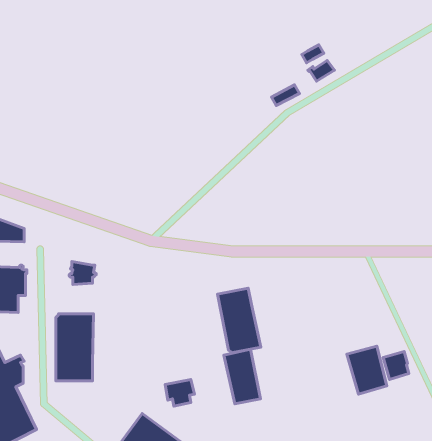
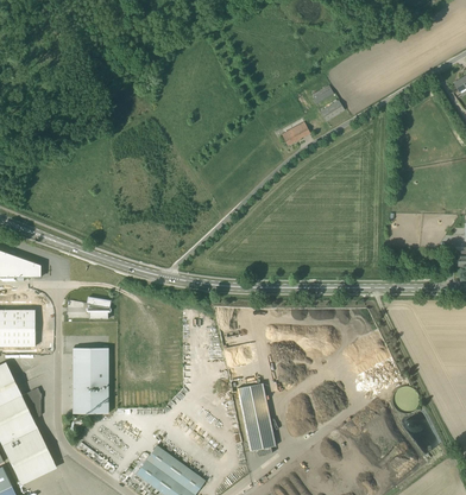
building: [218,288,261,353] -> none
building: [347,346,387,394] -> none
building: [165,380,195,406] -> [246,431,275,457]

